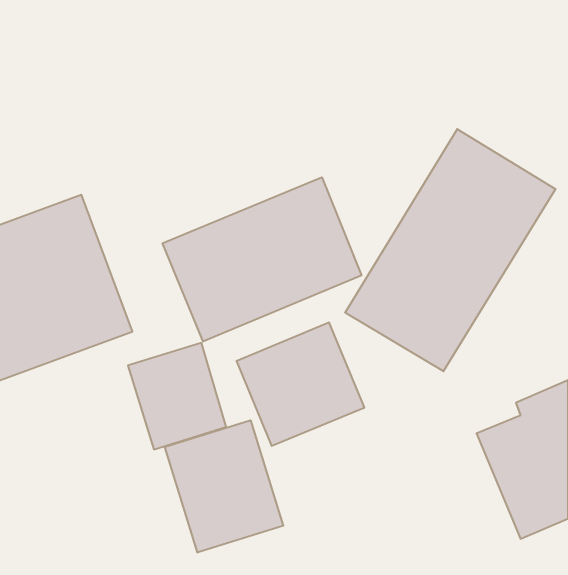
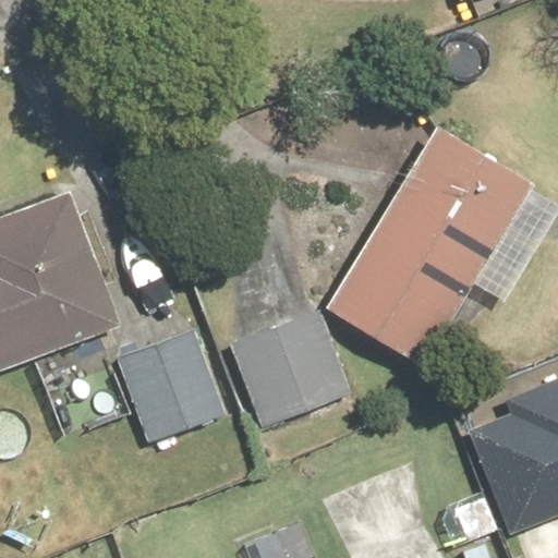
building: [163,177,361,342] -> none
building: [165,420,283,553] -> none

